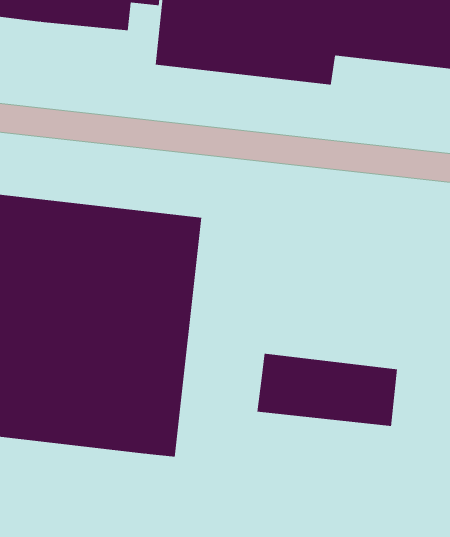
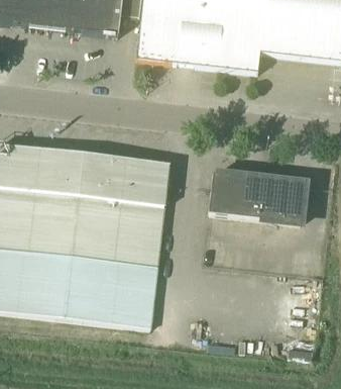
building: [257,353,398,426] -> [208,172,305,222]

